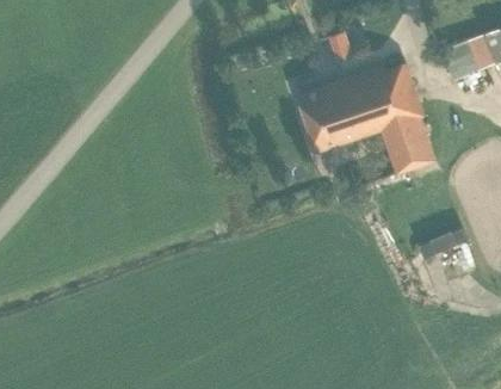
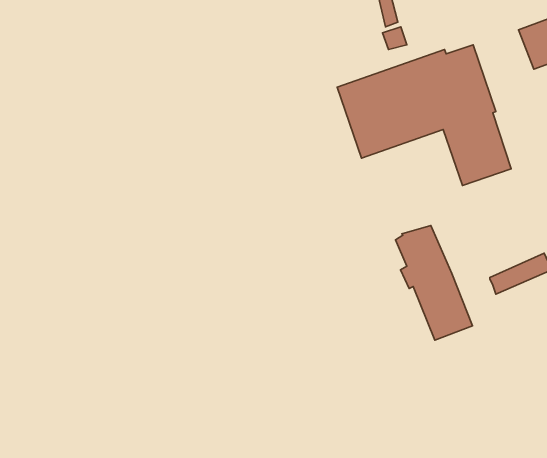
building: none -> [395,226,472,340]

